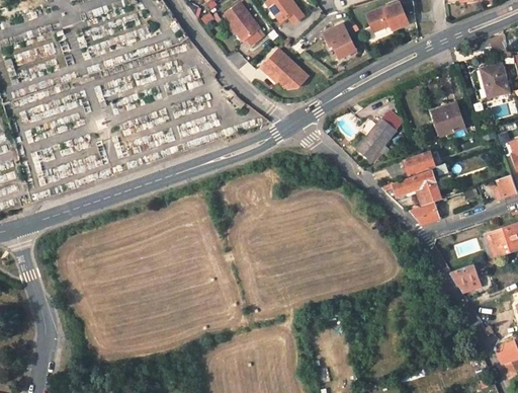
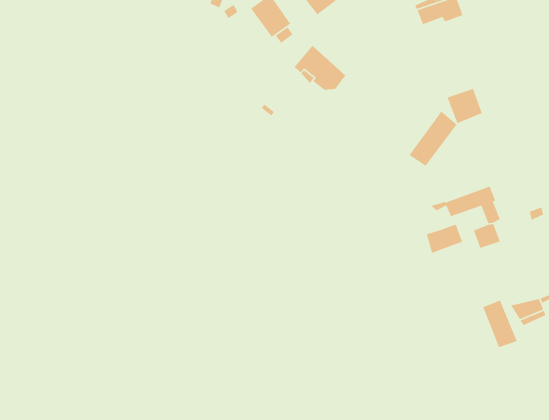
building: [322,23,355,59] -> none
building: [431,103,462,135] -> [446,88,483,124]
building: [403,151,435,177] -> [426,223,463,254]
building: none -> [482,300,518,348]

